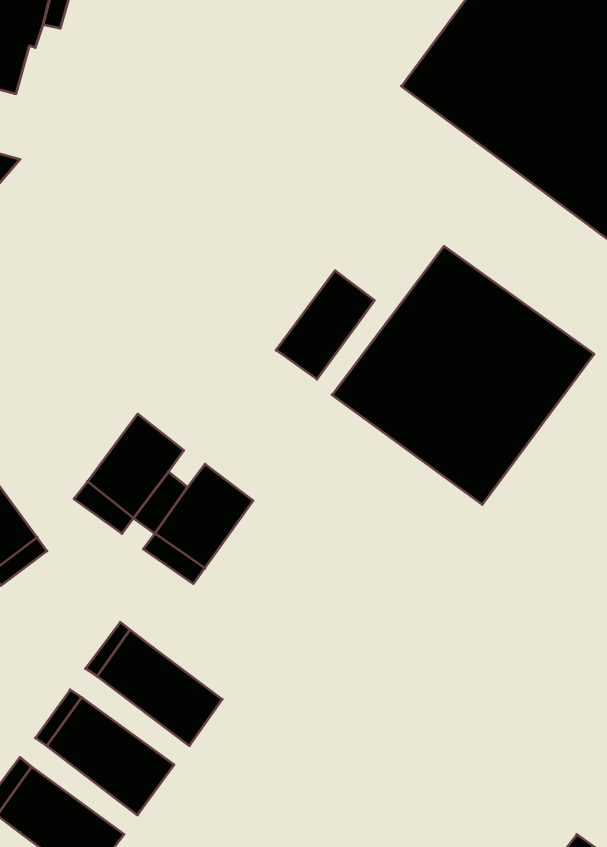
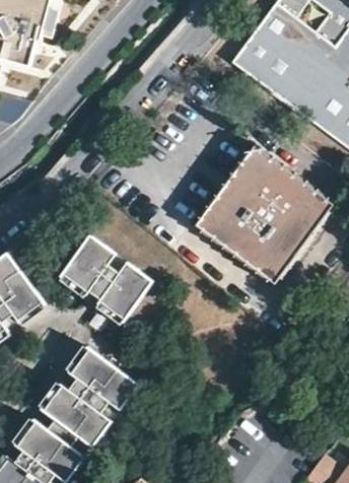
building: [276,271,374,379] -> none

